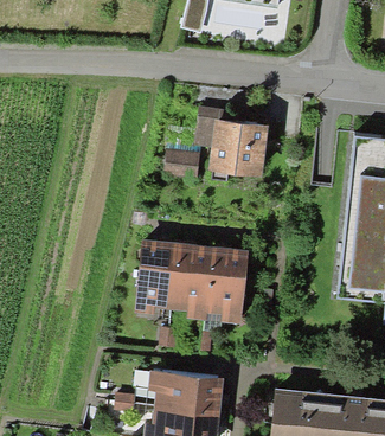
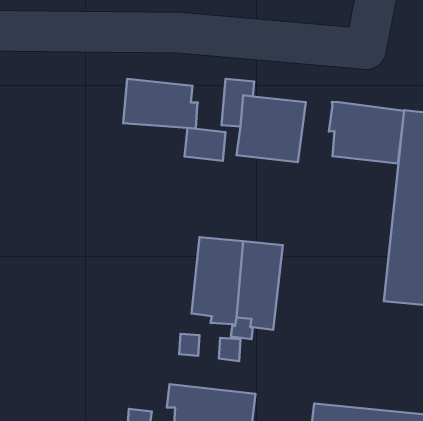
building: none -> [123,79,198,129]
building: none -> [329,102,404,163]
building: [134,239,177,315] -> none

